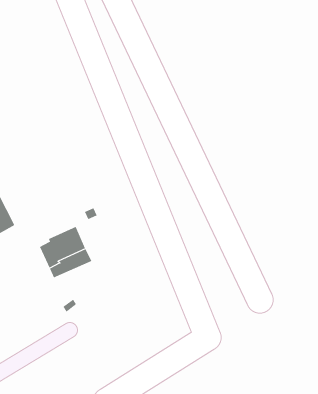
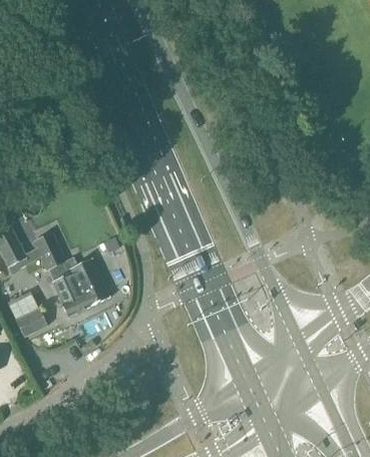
building: none -> [34,230,67,268]
building: none -> [17,306,49,335]

